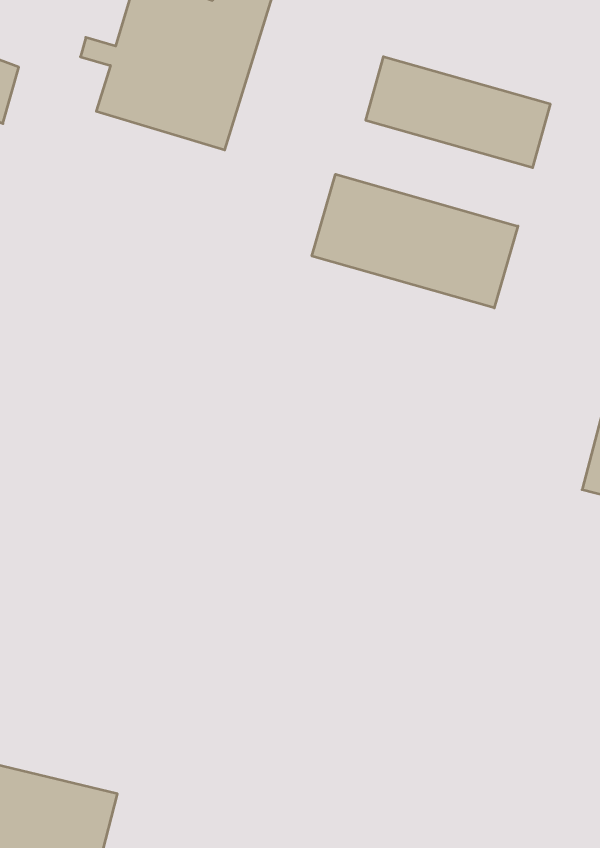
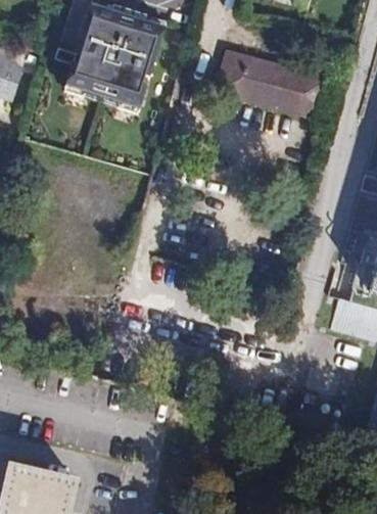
building: [312,174,518,308] -> none

